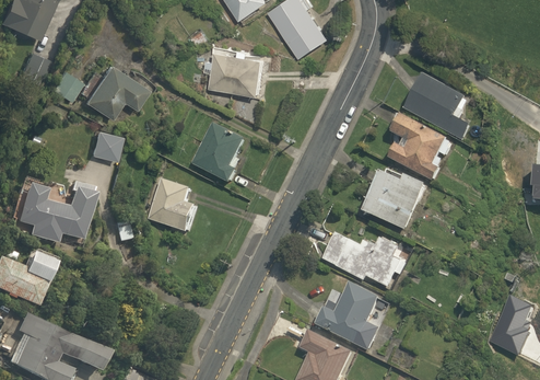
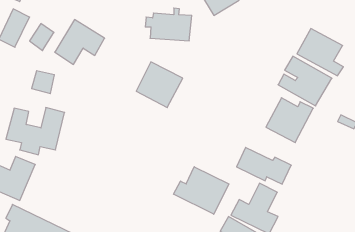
building: [87,131,118,162] -> [32,71,54,94]
building: [144,179,204,234] -> none
building: none -> [174,167,229,214]

